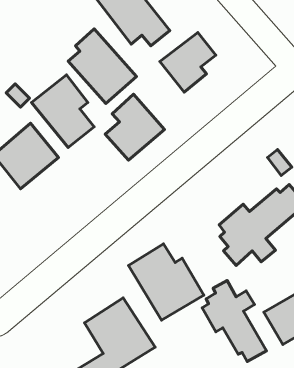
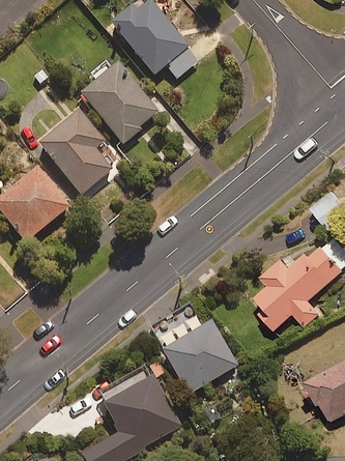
building: [160,33,216,92] -> none
building: [105,94,165,160] -> none
building: [202,280,266,362] -> none

